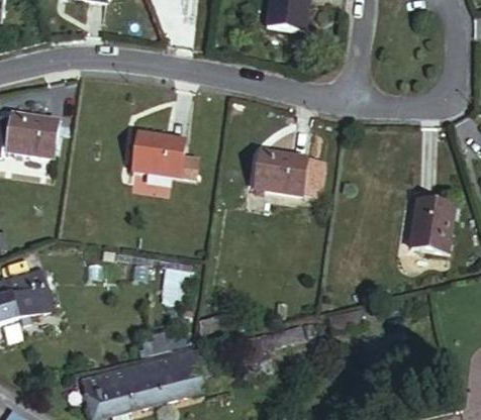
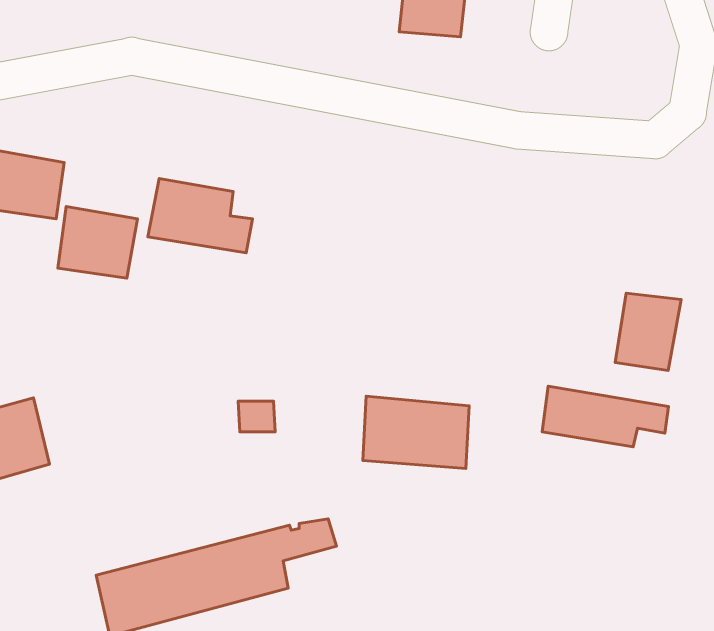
building: none -> [58,206,137,278]
building: [252,151,318,197] -> [363,396,469,469]
building: none -> [542,386,669,447]

